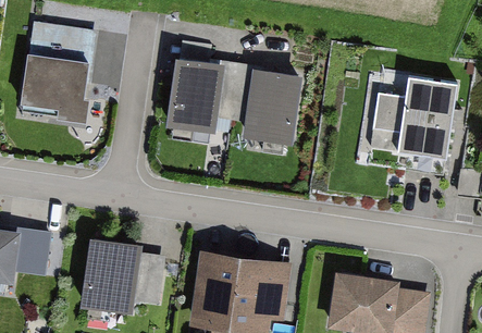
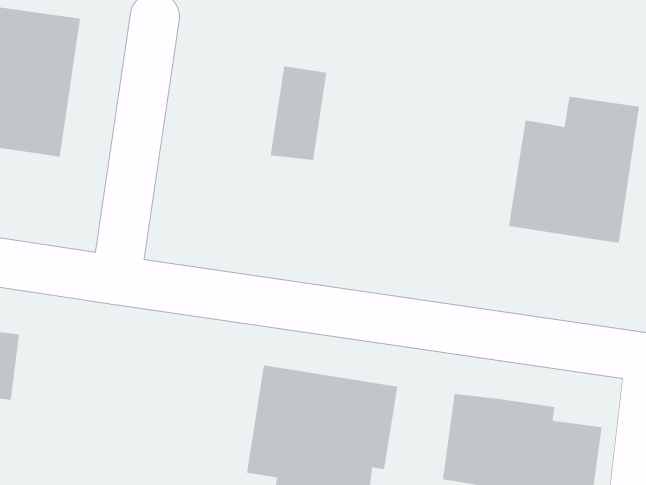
building: [164,53,224,131] -> none
building: [242,65,301,143] -> none
building: [95,244,173,313] -> none

